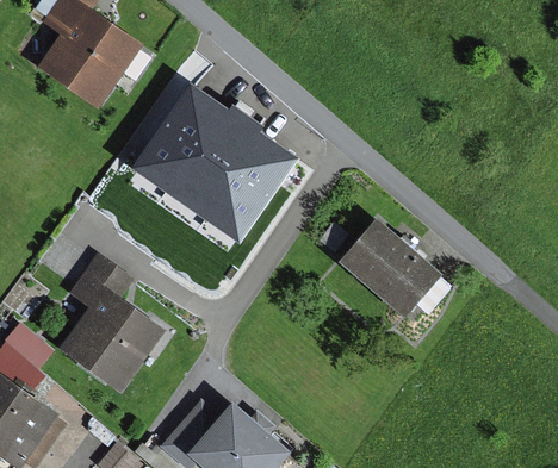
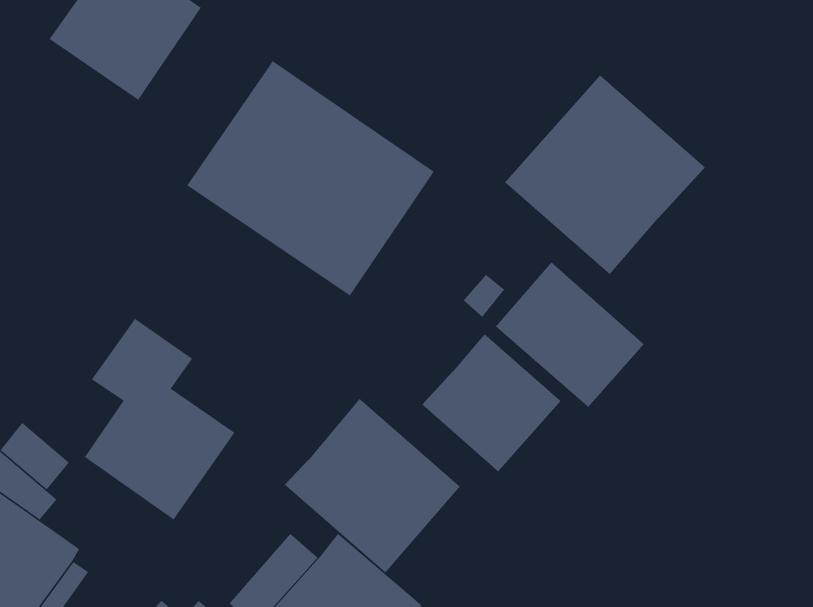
building: none -> [504,74,706,275]
building: none -> [421,333,561,472]
building: none -> [284,398,461,574]

